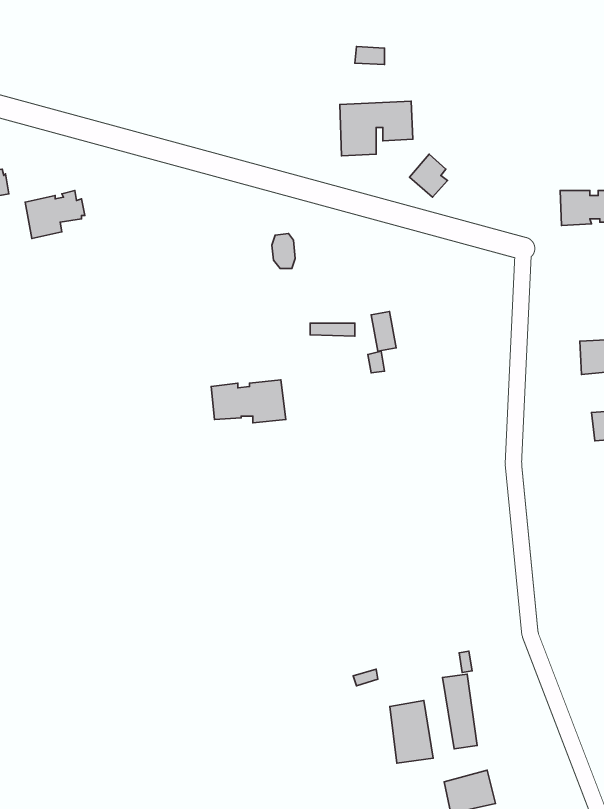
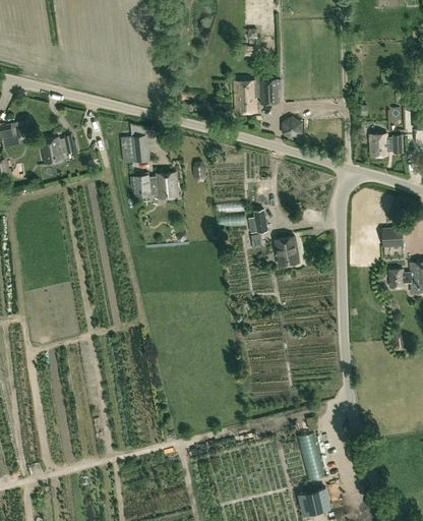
building: none -> [122,136,148,164]
building: none -> [276,237,300,267]
building: [211,380,286,423] -> [134,173,180,199]
building: [390,700,433,763] -> none

